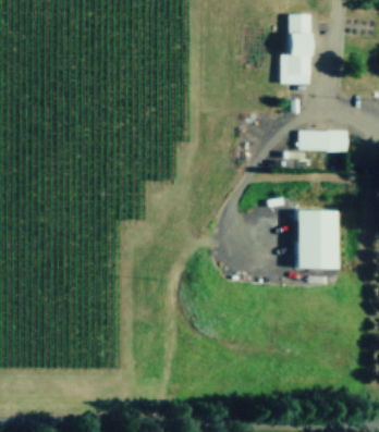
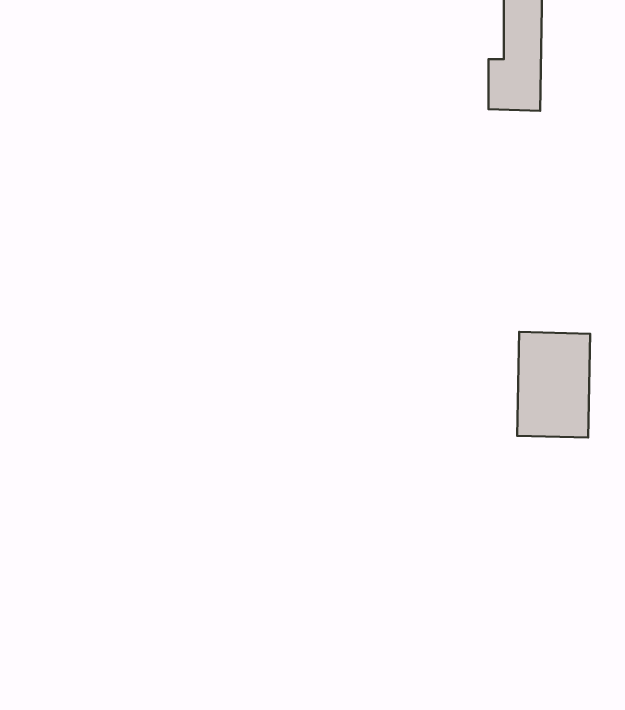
building: [299,131,347,151] -> none

